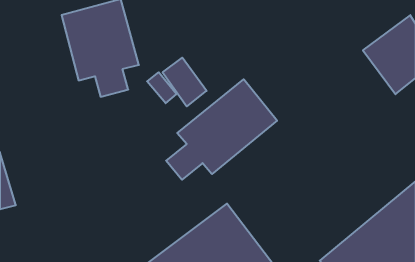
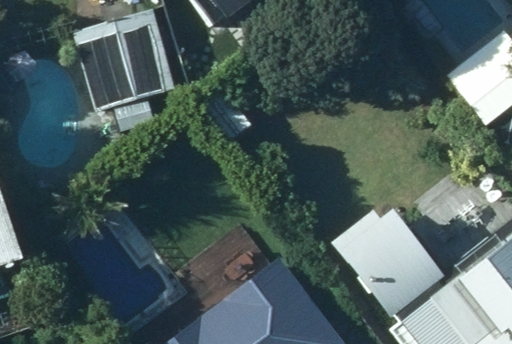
building: [166,79,277,180] -> none
building: none -> [327,212,444,322]

